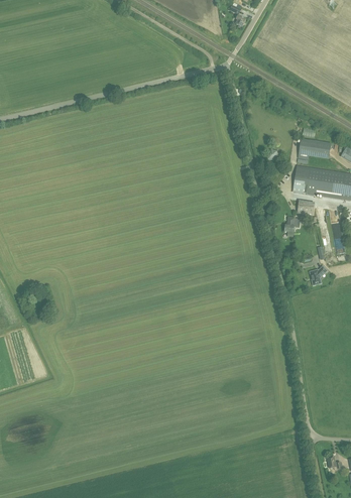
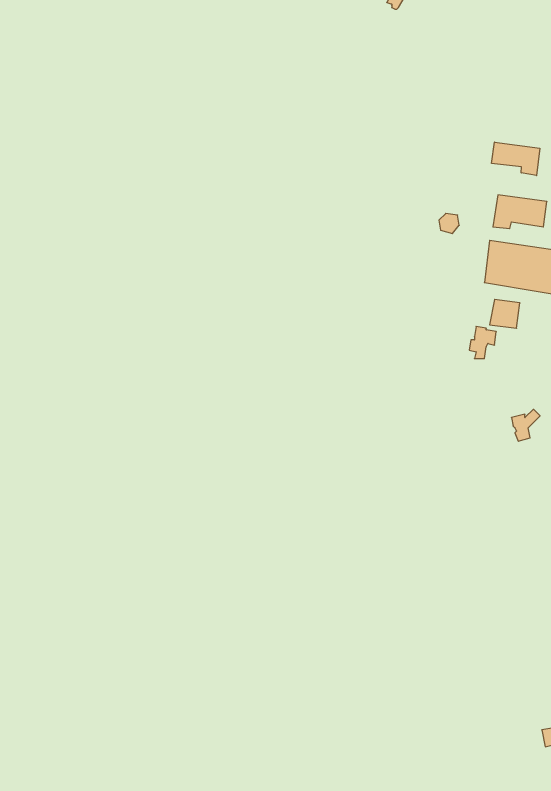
building: none -> [492,142,540,176]

